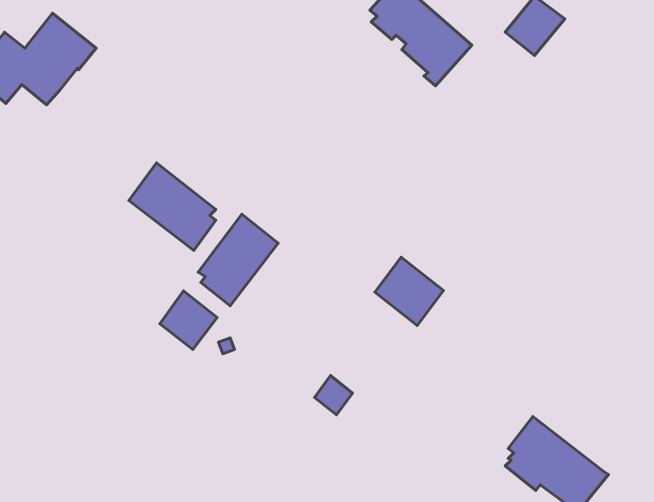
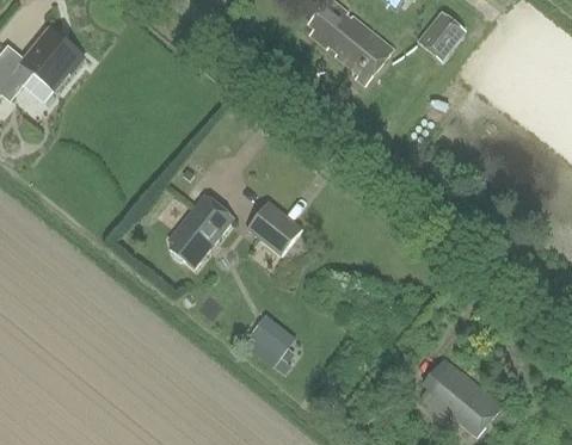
building: [129,163,216,250] -> none
building: [375,257,443,326] -> [246,199,302,255]
building: [160,291,217,349] -> none

